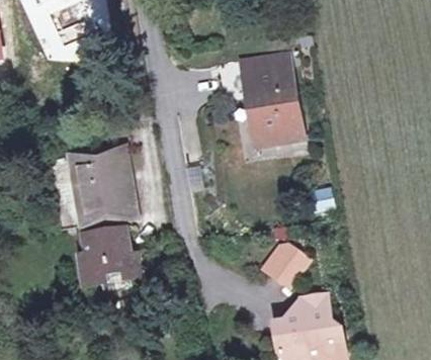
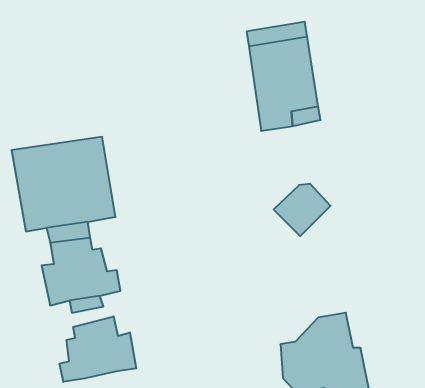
building: [265,245,313,288] -> [274,184,331,236]
building: none -> [59,316,136,382]

